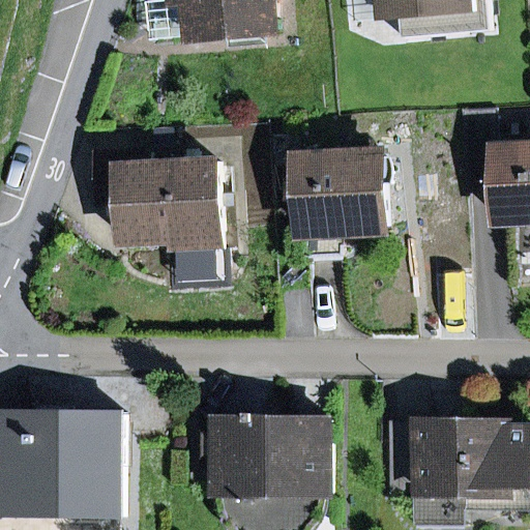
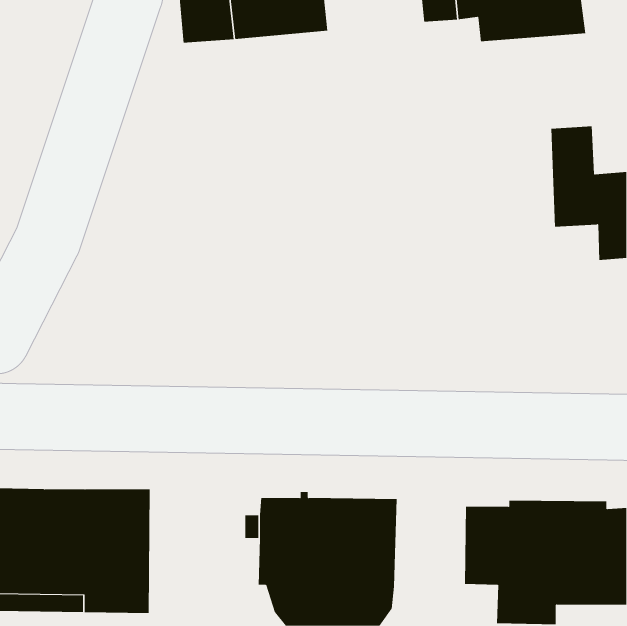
building: [302,142,389,254] -> none
building: [101,150,223,238] -> none

